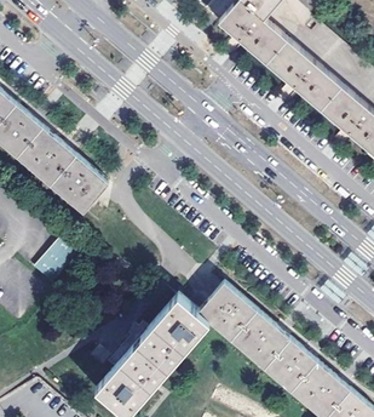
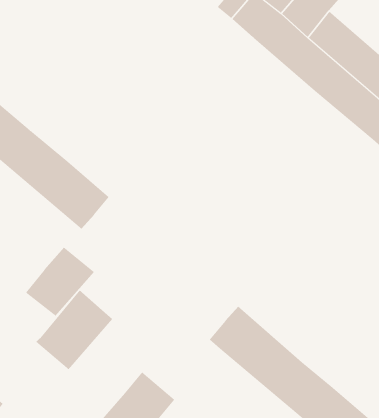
building: [138,293,208,366] -> [35,290,113,370]

